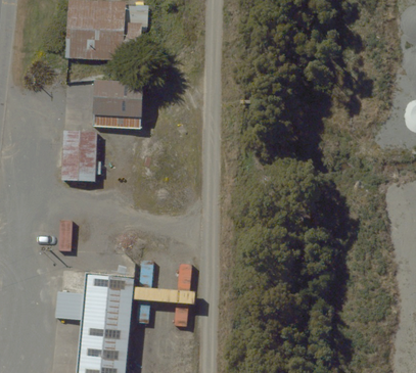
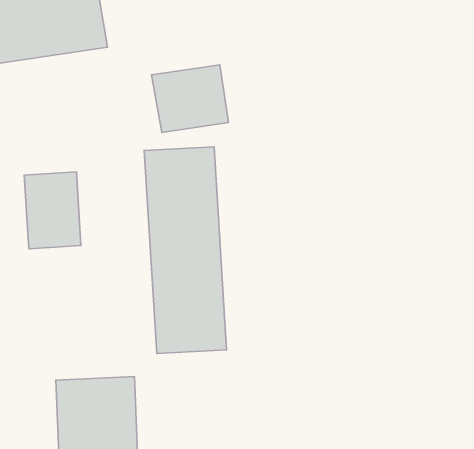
building: [90,77,137,116] -> [151,65,229,132]
building: none -> [144,147,227,353]

